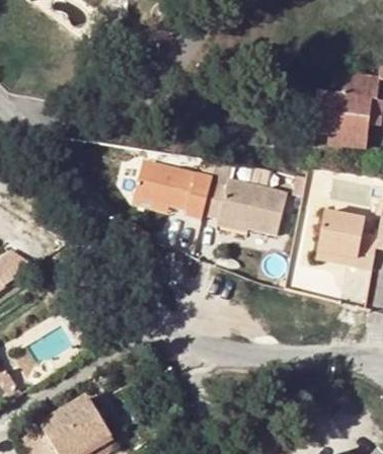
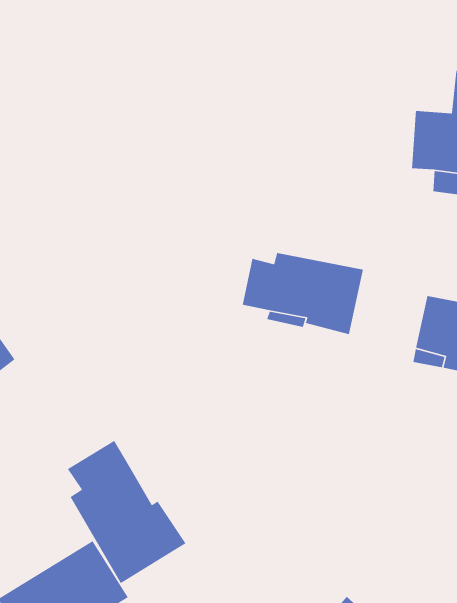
building: [123,168,203,230] -> none
building: none -> [67,440,187,584]

